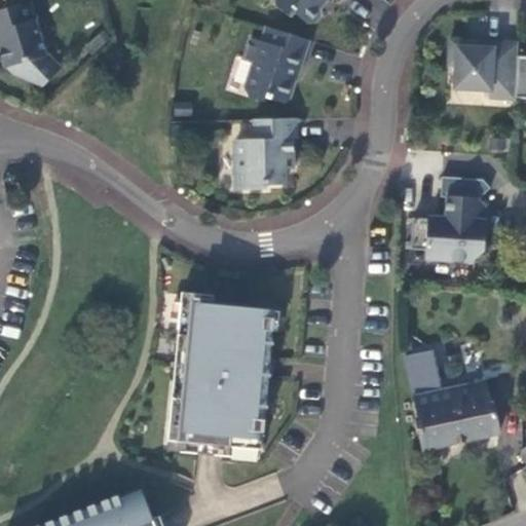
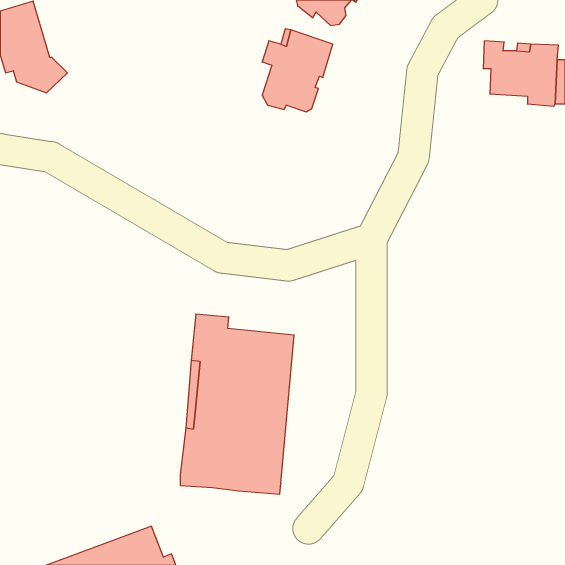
building: [235,119,296,190] -> none
building: [410,177,490,262] -> none
building: [407,349,498,449] -> none

